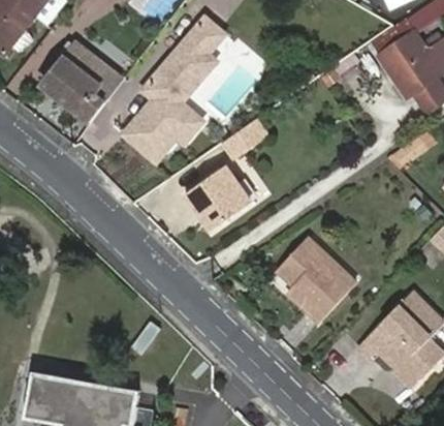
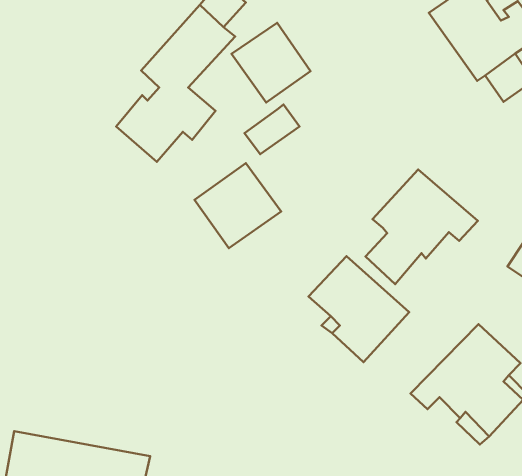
building: [40,41,124,121] -> none
building: none -> [232,23,310,102]
building: none -> [366,169,478,284]

